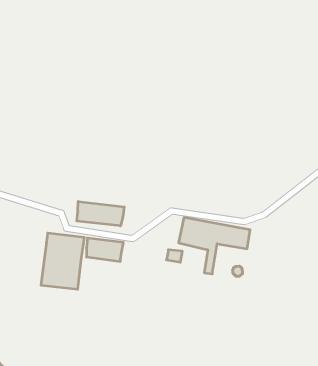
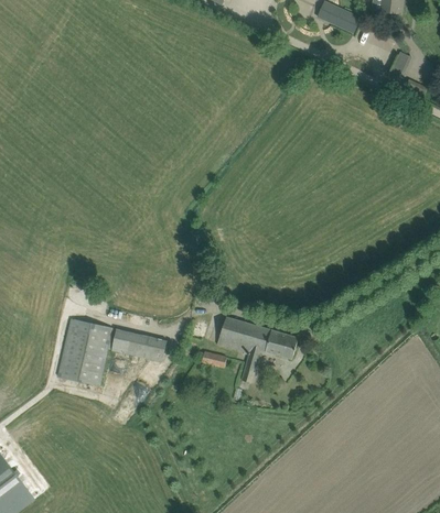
building: [77,201,124,226] -> none

